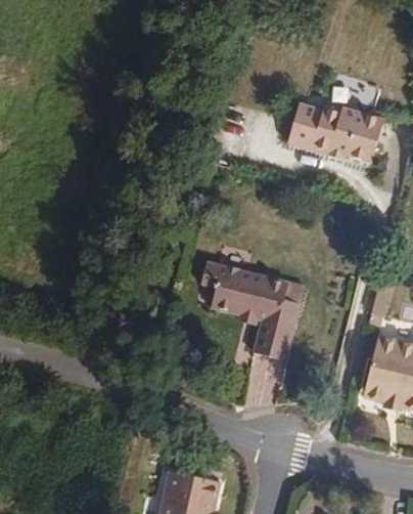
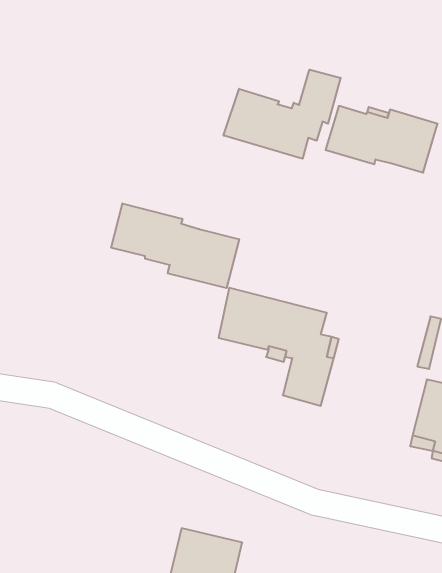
building: none -> [224,70,341,159]
building: none -> [111,203,239,288]

